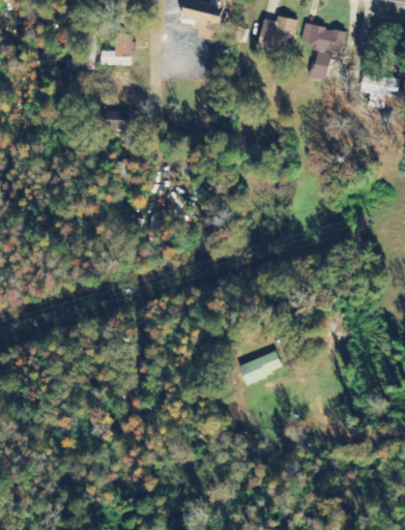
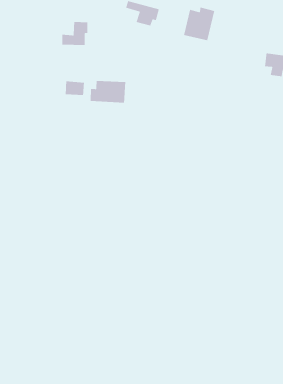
building: [301,23,346,81] -> none
building: none -> [90,80,126,104]
building: [237,350,282,383] -> none

